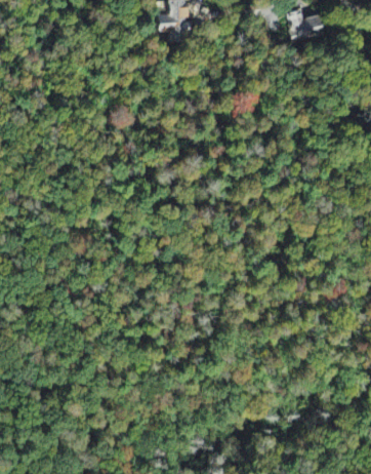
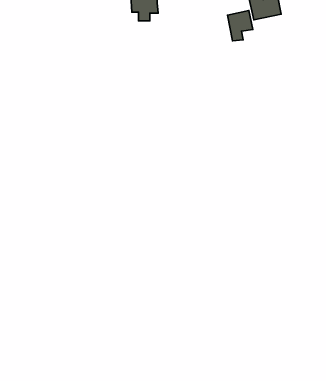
building: none -> [227,11,253,41]

